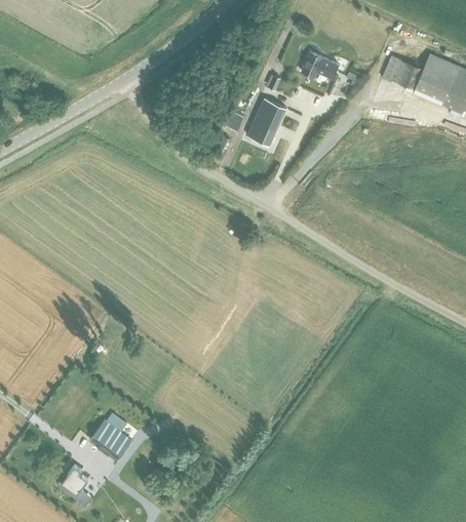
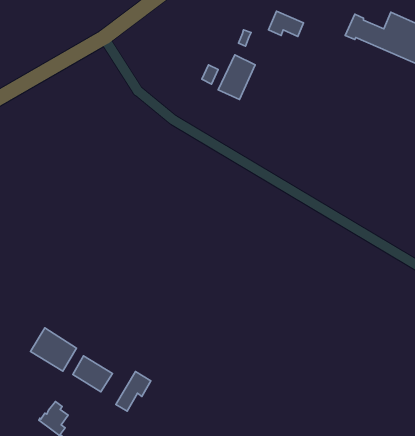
building: none -> [30,328,76,371]
building: none -> [116,371,151,411]

